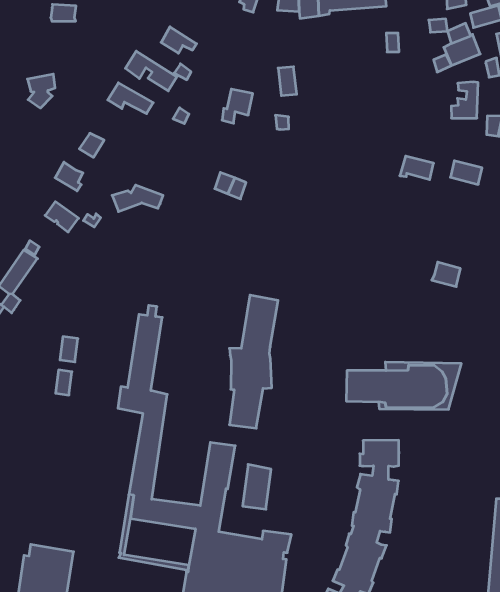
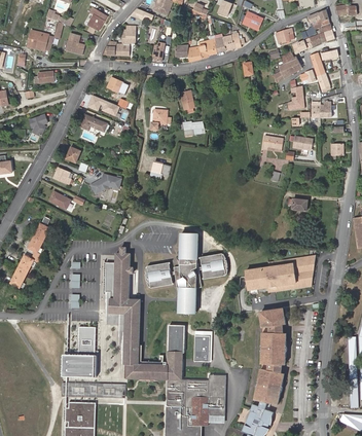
building: none -> [201,253,228,279]
building: none -> [145,262,172,288]
building: none -> [66,327,98,379]

